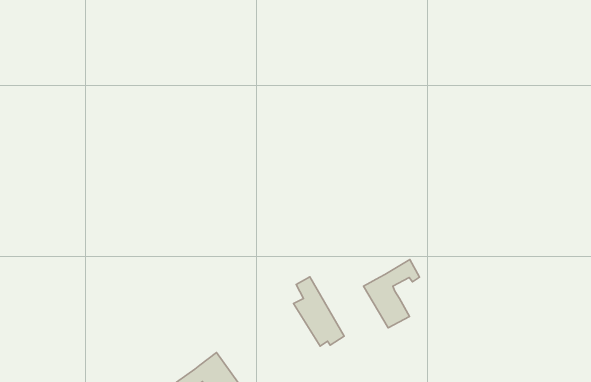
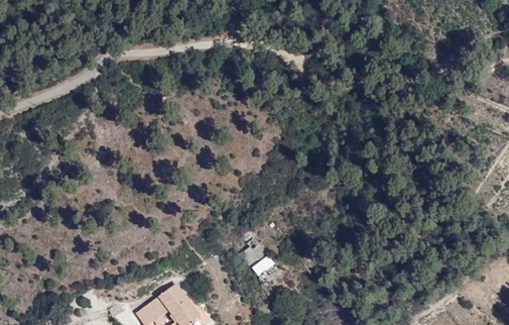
building: [364,260,419,328] -> none

